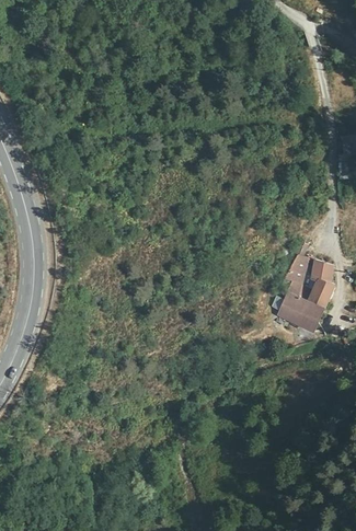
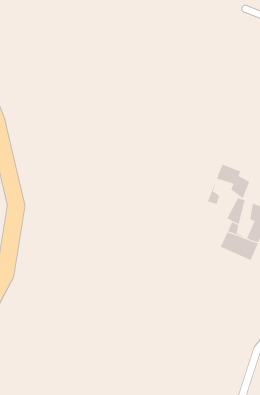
building: none -> [207,164,250,205]

